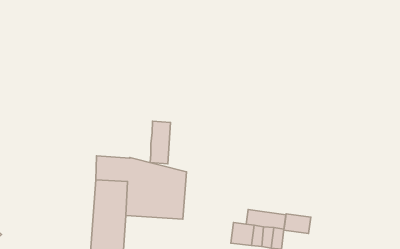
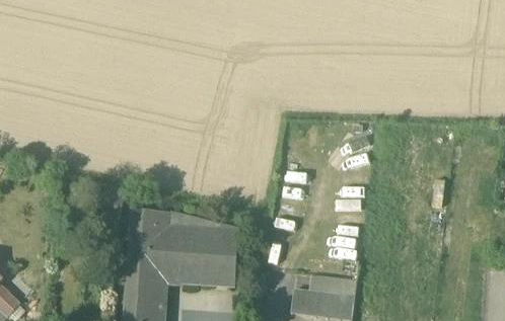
building: [150,121,170,164] -> none
building: [284,214,311,233] -> none

